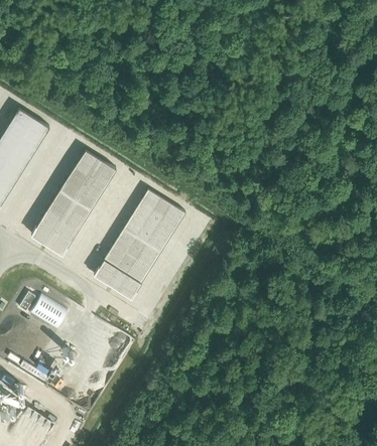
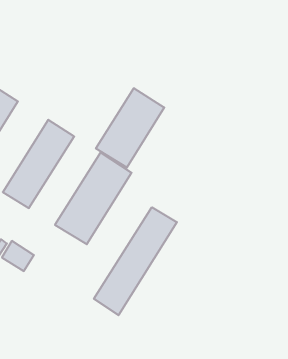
building: none -> [96,88,164,168]
building: none -> [94,207,177,315]

